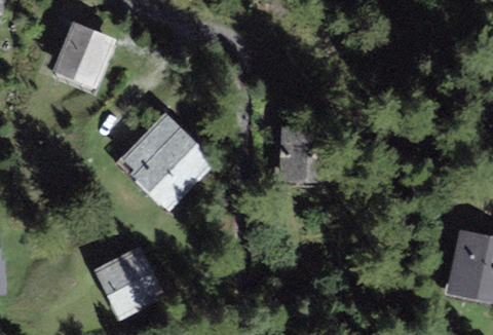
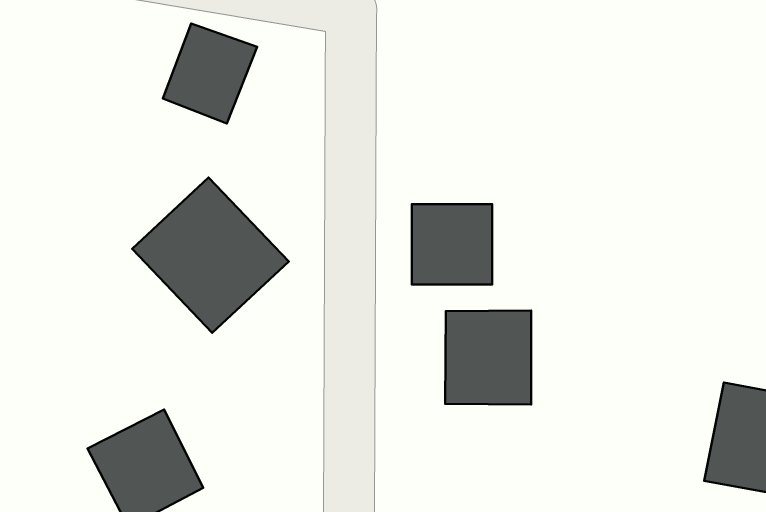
building: [55,26,110,83] -> [163,24,257,123]
building: none -> [445,310,531,405]

